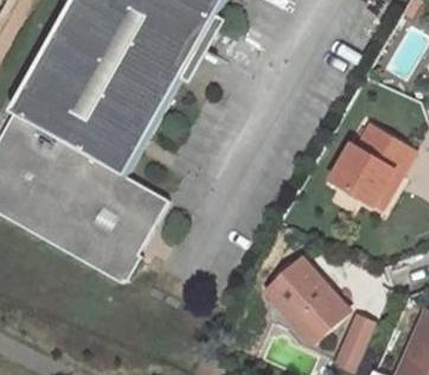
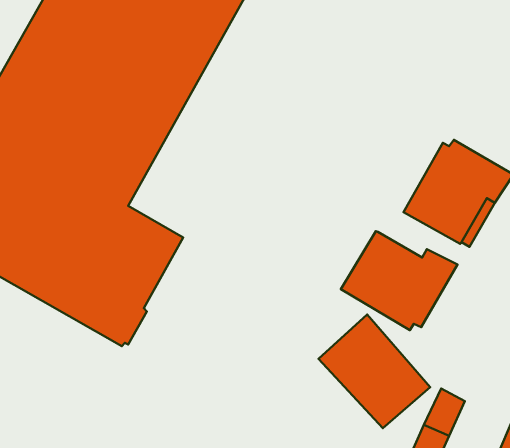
building: none -> [341,231,457,330]

